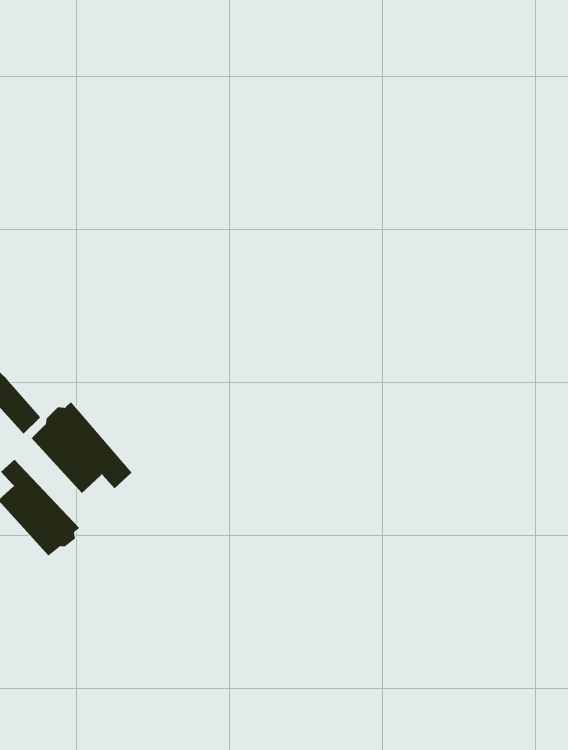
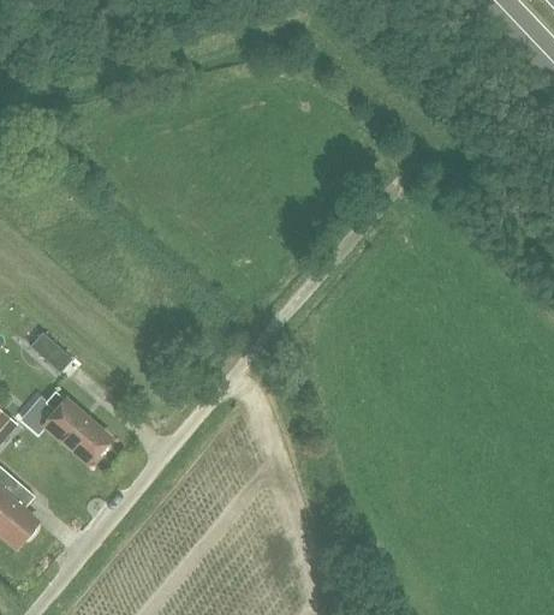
building: [31,401,133,494] -> none

